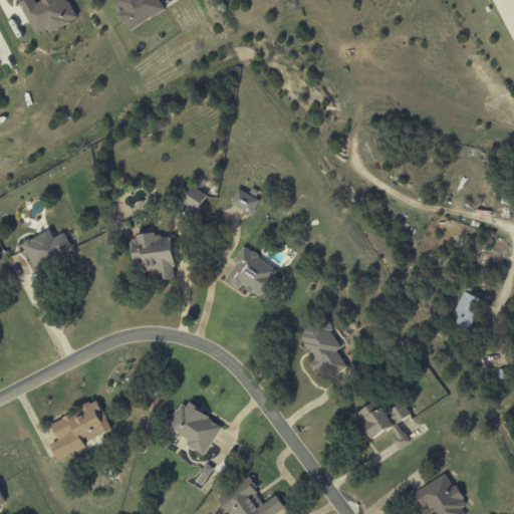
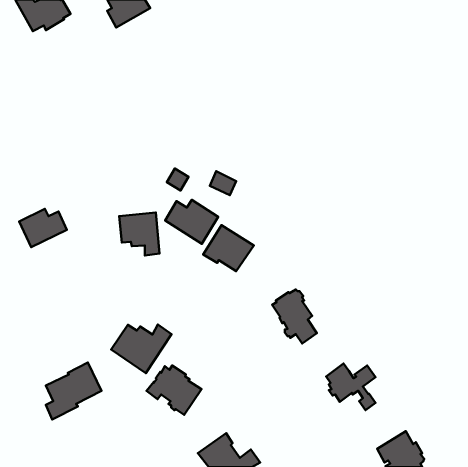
building: none -> [165,200,218,244]
building: [451,291,481,328] -> none
building: none -> [111,324,172,373]

